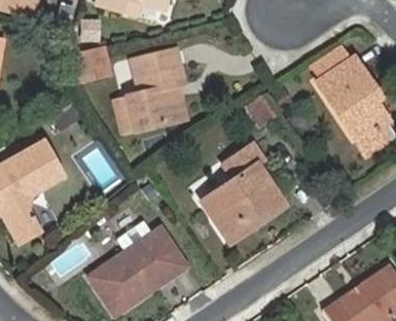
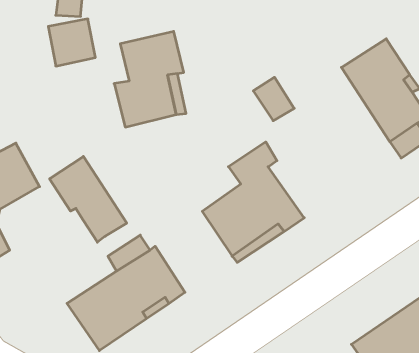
building: none -> [50,156,127,242]

